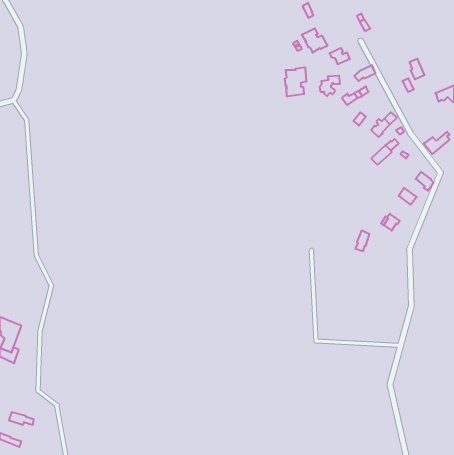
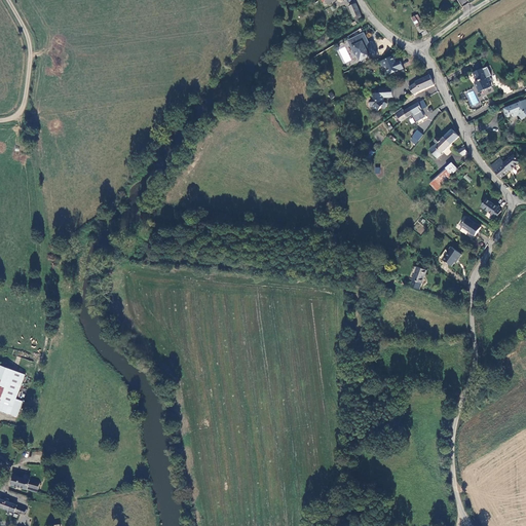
building: [285,67,306,97] -> none

